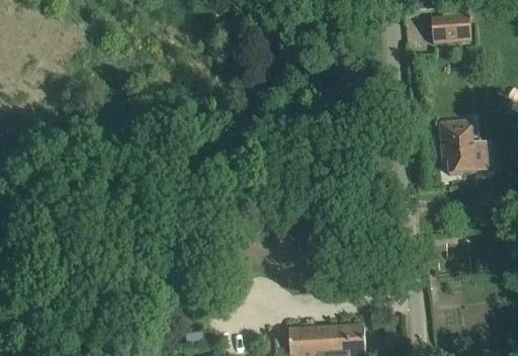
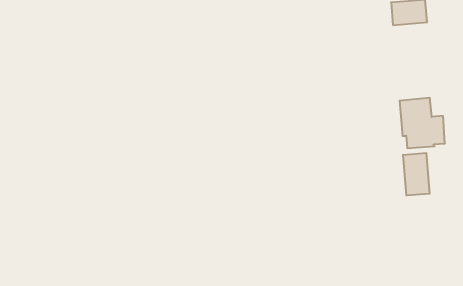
building: none -> [403,153,430,196]

